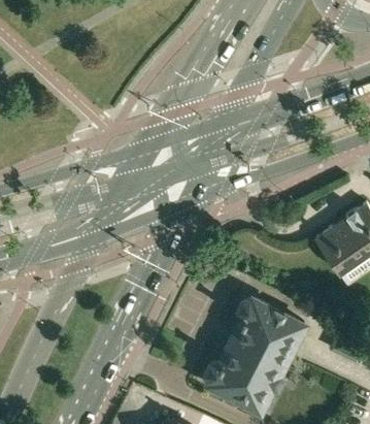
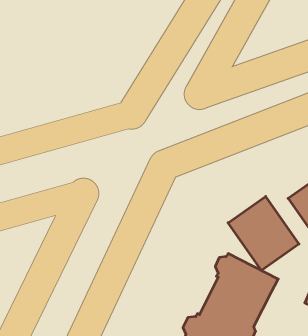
building: none -> [228,196,299,270]

